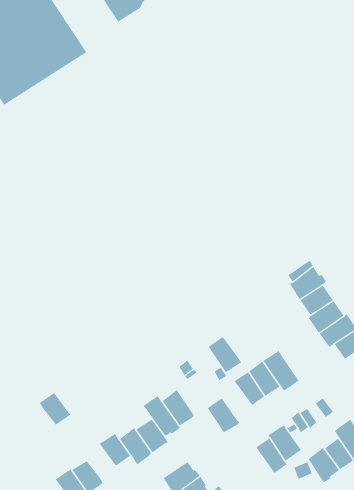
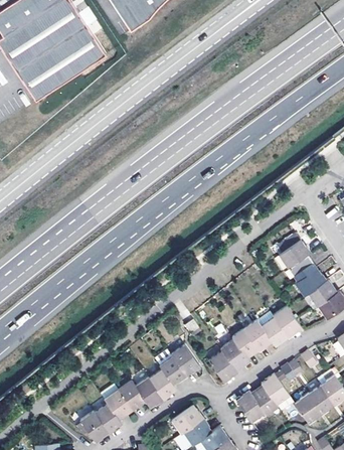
building: [208,336,242,373] -> [219,338,248,369]
building: none -> [273,305,301,336]
building: [39,392,71,425] -> [104,390,131,418]
building: none -> [235,391,264,422]

